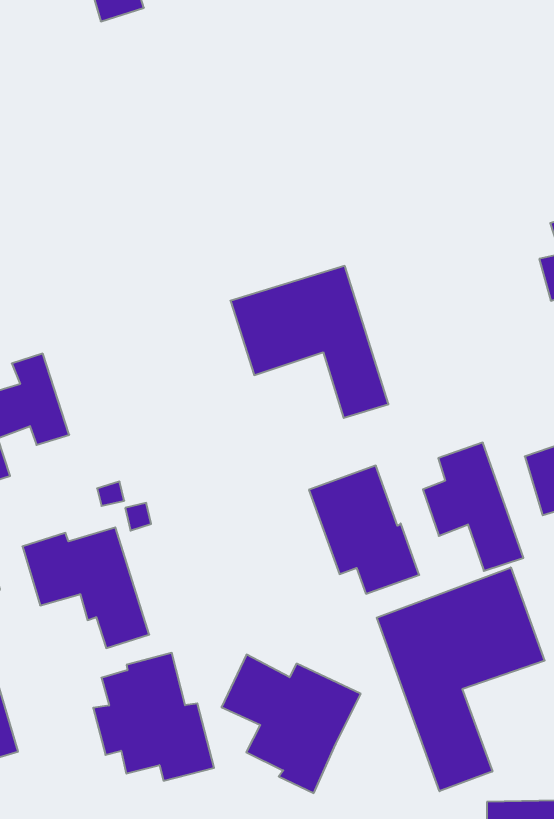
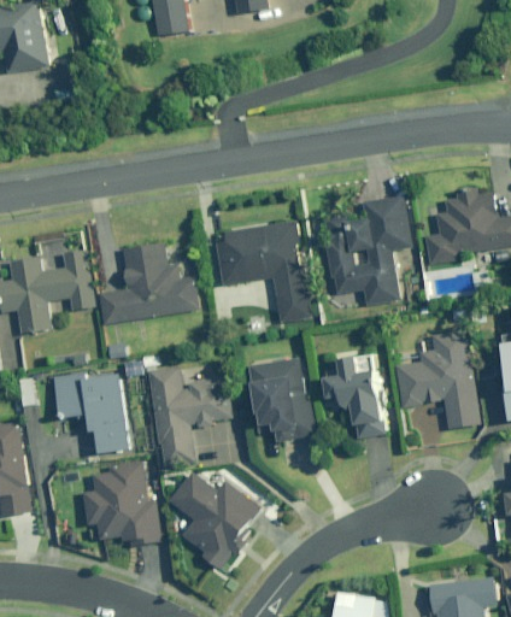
building: none -> [324,196,411,305]
building: none -> [100,243,198,324]
building: none -> [148,368,225,469]
building: [377,567,545,791] -> none

